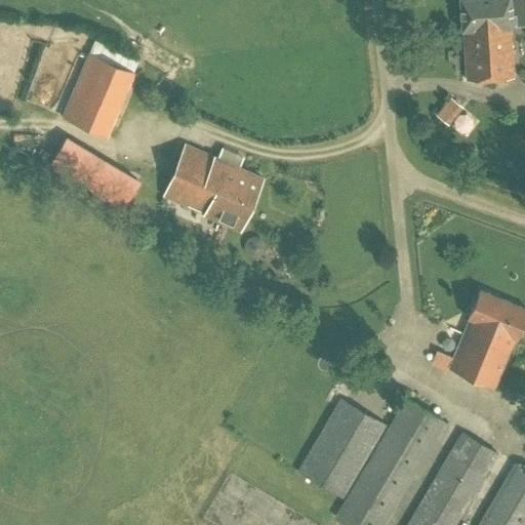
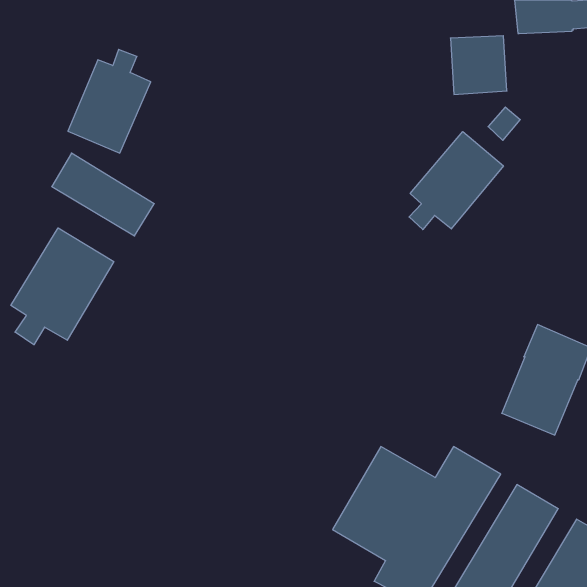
building: [463,29,514,81] -> [450,36,507,94]
building: none -> [409,132,503,230]
building: [163,145,261,231] -> none
building: none -> [11,228,114,345]

